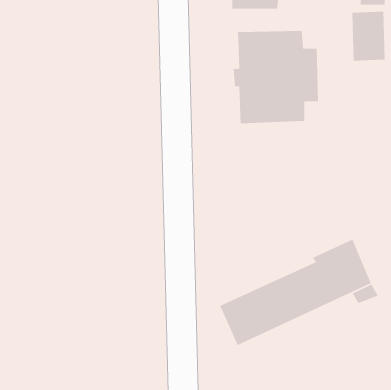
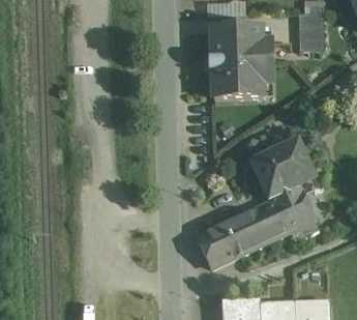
building: none -> [252,140,315,198]

